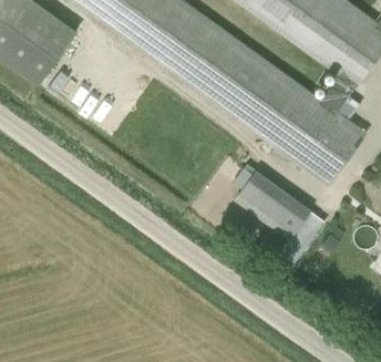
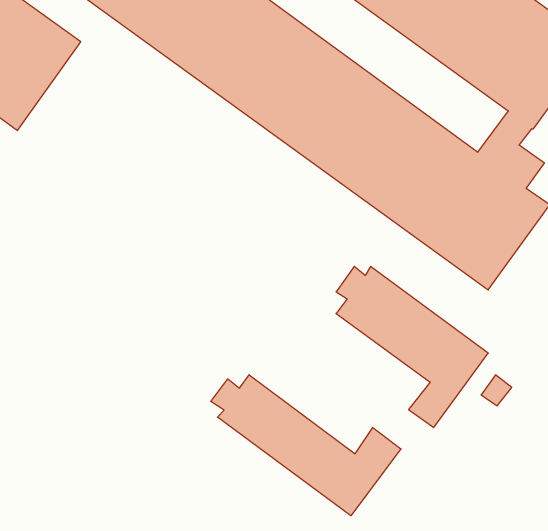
building: none -> [211,375,401,516]

